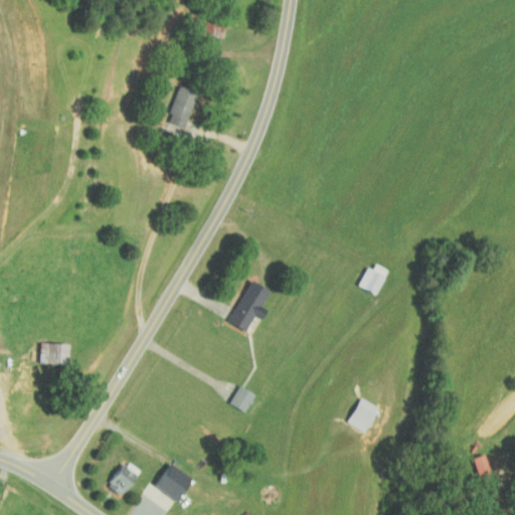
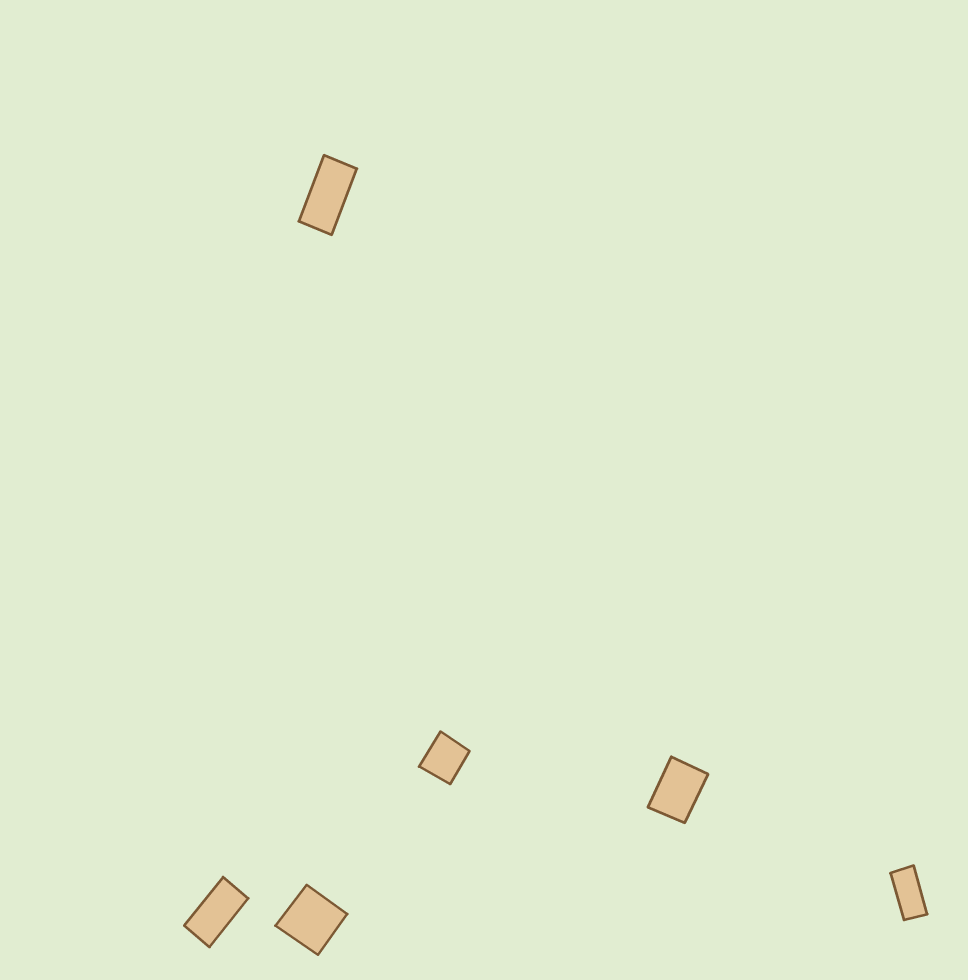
building: [359,268,386,295] -> none
building: [228,281,271,332] -> none
building: [40,343,69,364] -> none

